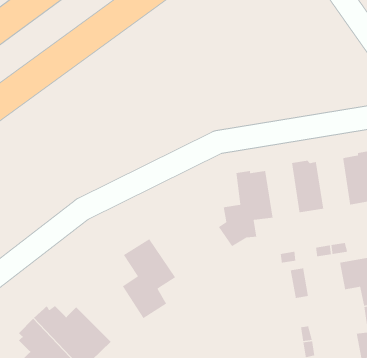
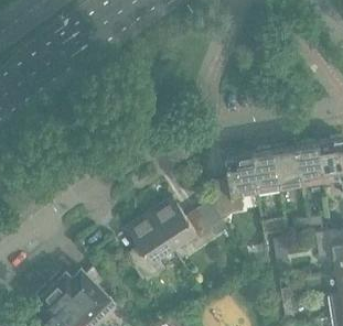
building: none -> [293,140,322,187]
building: none -> [249,146,278,195]
building: none -> [148,197,225,250]

